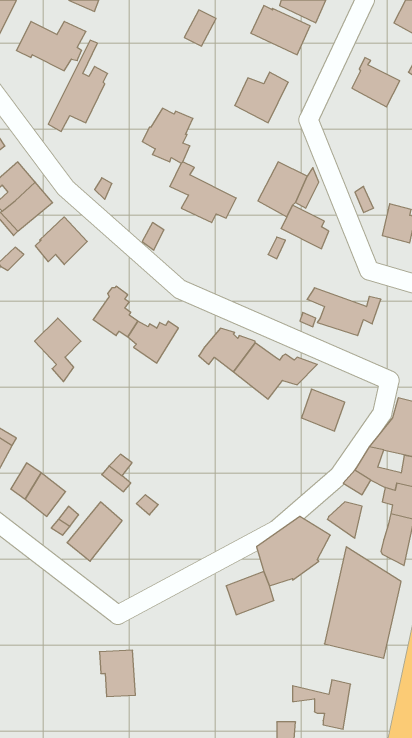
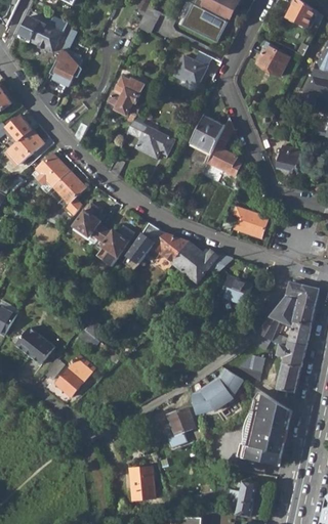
building: [35,318,81,382] -> [52,171,85,216]
building: none -> [126,233,152,263]
building: [99,650,135,697] -> [129,467,155,499]

